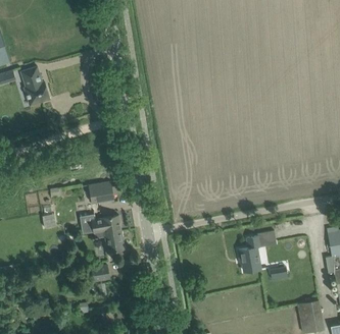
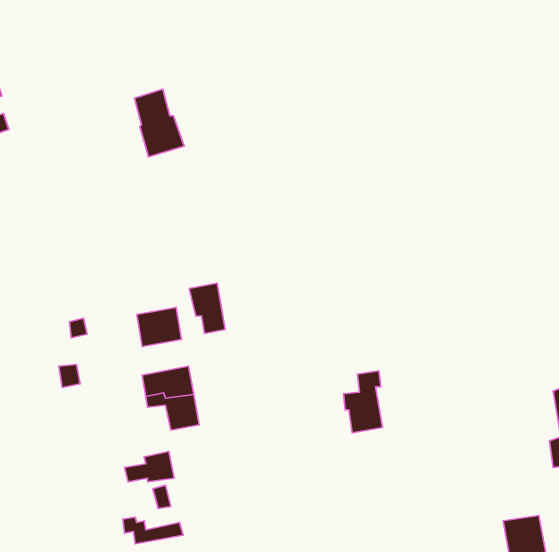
building: [20,66,49,105] -> [134,89,184,157]
building: none -> [189,283,225,334]
building: [238,236,260,272] -> [343,371,383,433]

